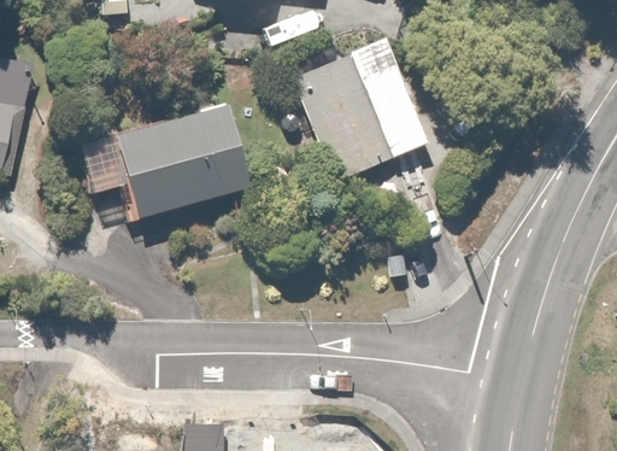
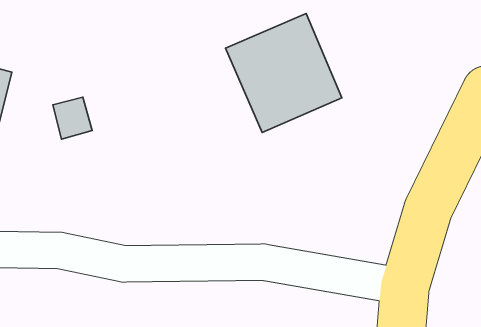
building: [121,104,249,216] -> none

